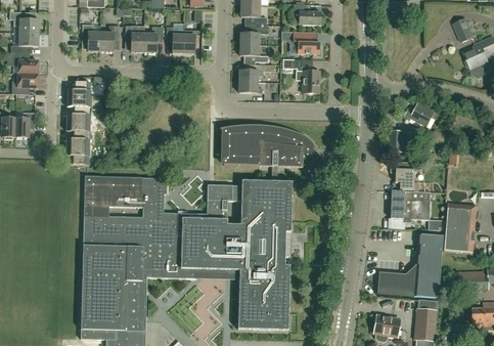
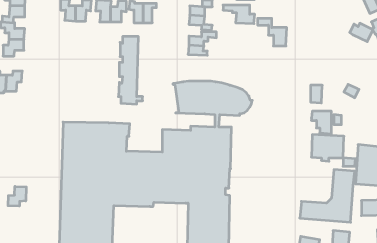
building: [283,59,319,93] -> [258,18,287,46]
building: [65,82,95,165] -> [118,37,143,104]
building: [405,103,434,126] -> [350,23,373,42]
building: none -> [8,186,26,206]

